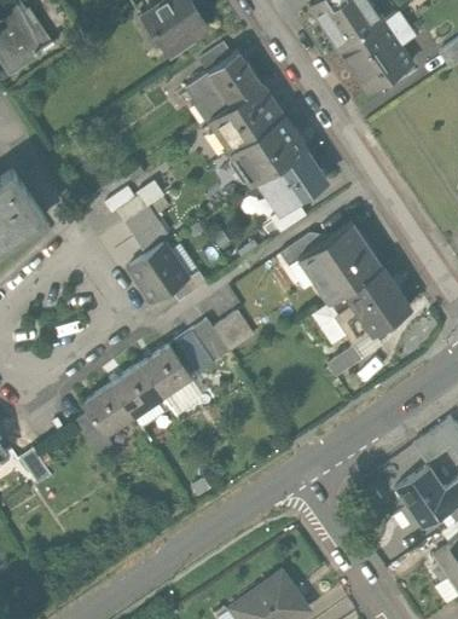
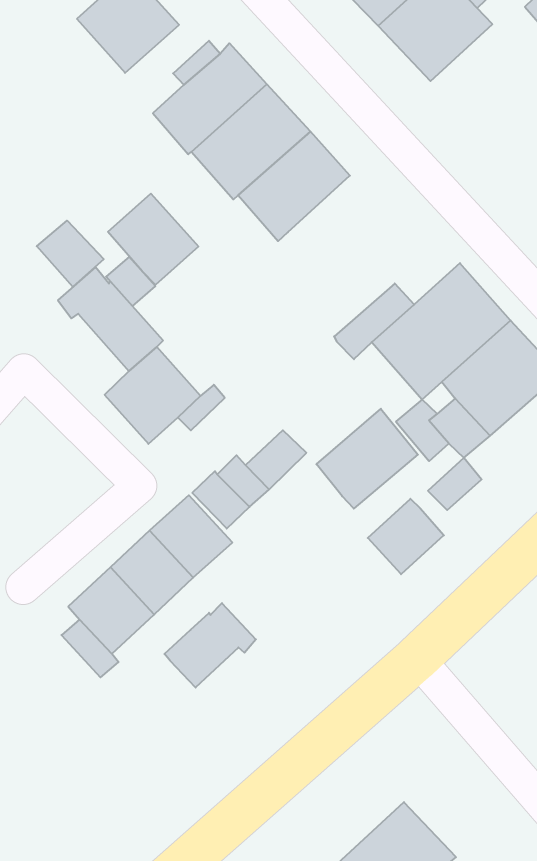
building: none -> [108,194,198,285]
building: [261,149,326,208] -> none
building: none -> [37,221,104,287]
building: none -> [316,409,418,509]
building: none -> [368,499,444,574]
building: none -> [164,603,256,688]

